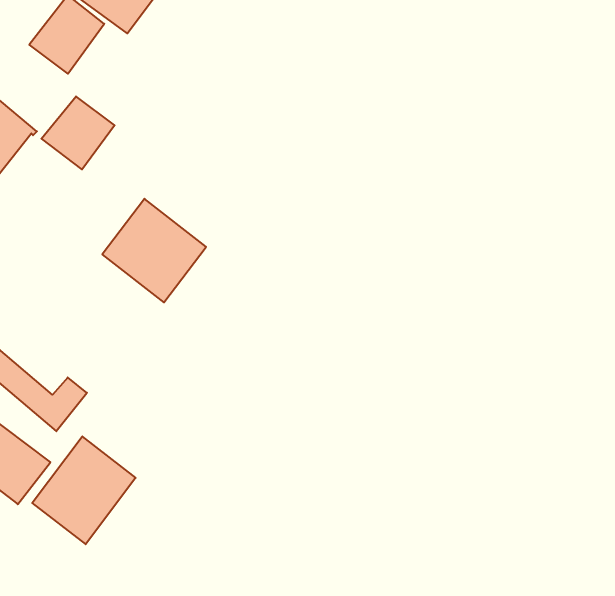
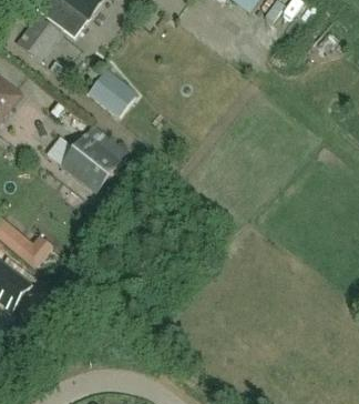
building: [41,96,115,169] -> [86,68,129,110]
building: [32,436,136,544] -> none

